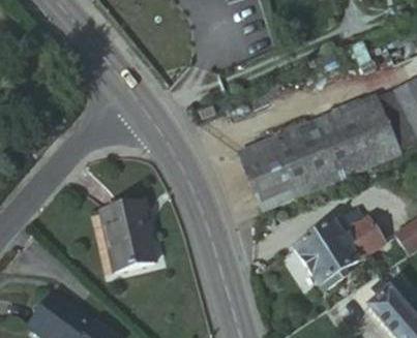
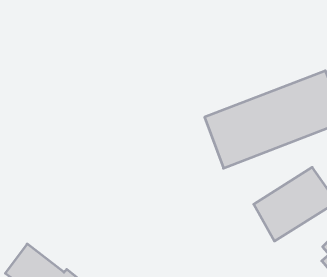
building: [117,202,170,269] -> none

